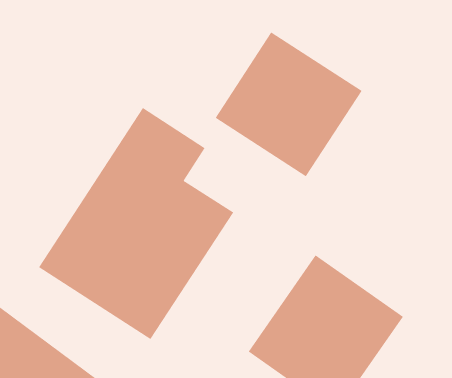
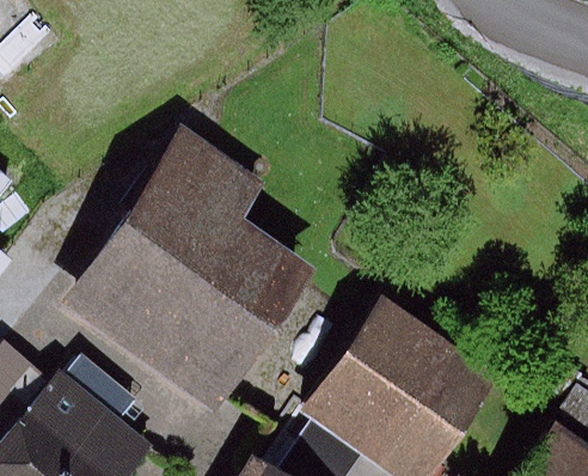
building: [215,32,362,177] -> none

